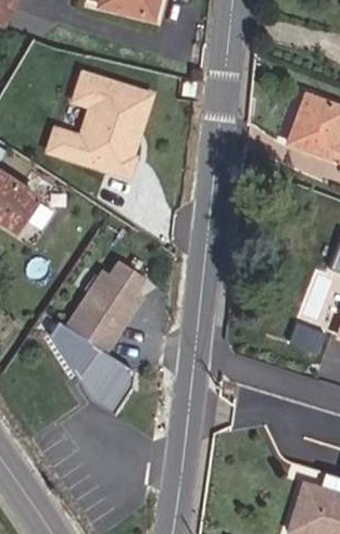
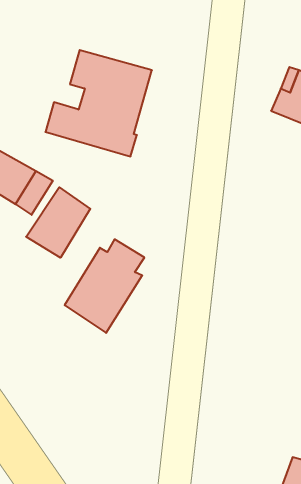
building: none -> [26,187,90,258]
building: [50,327,134,420] -> none

